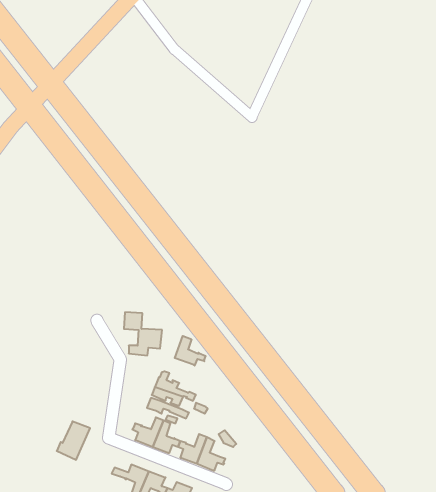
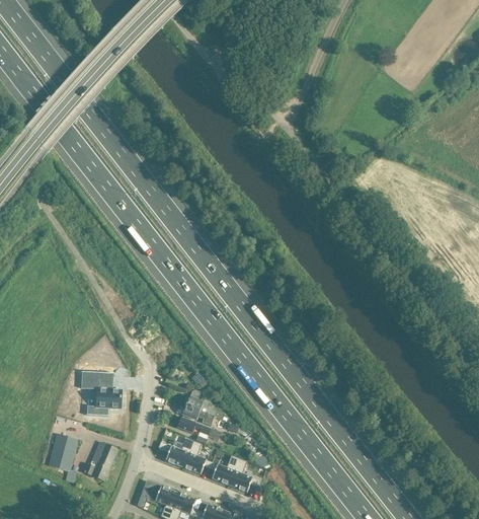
building: [124,312,162,355] -> [81,372,121,417]
building: [175,336,206,366] -> none
building: none -> [48,433,77,481]

